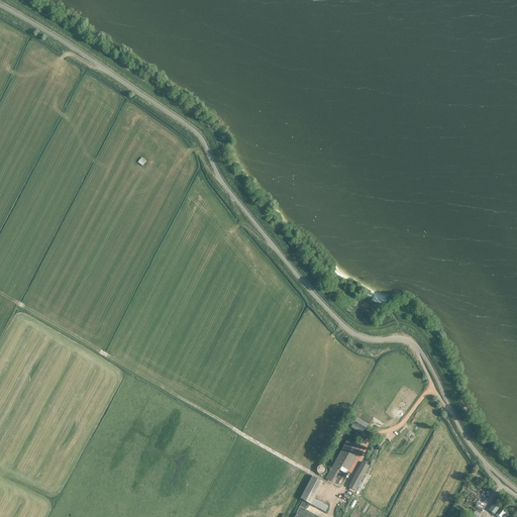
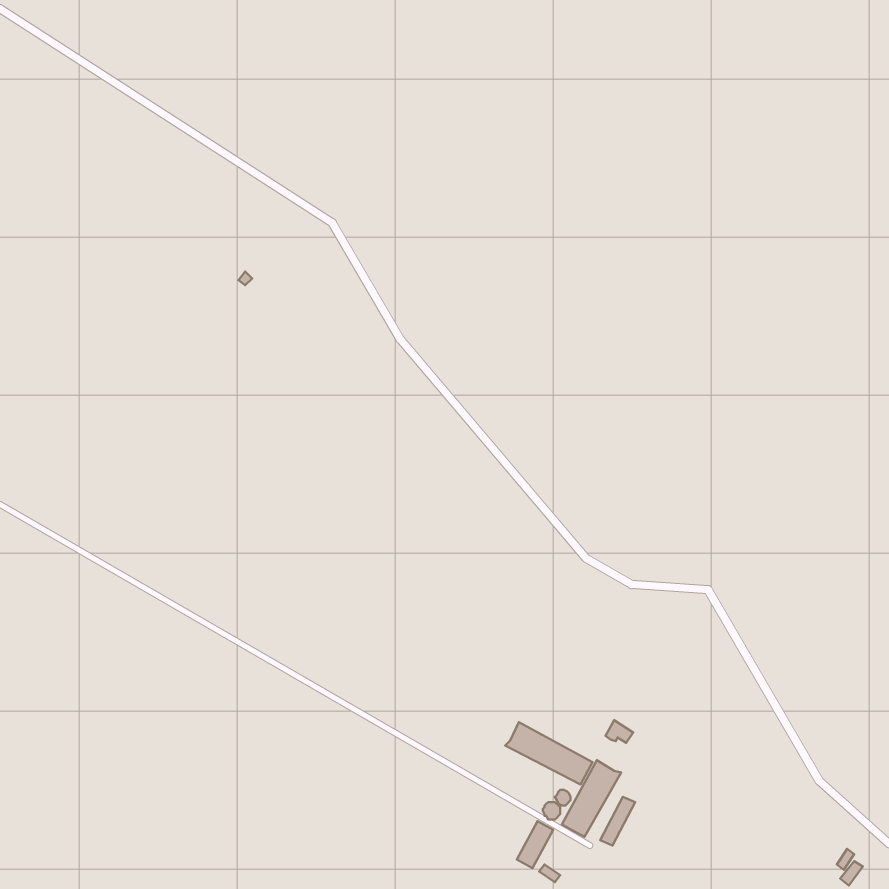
building: none -> [505,722,593,784]

